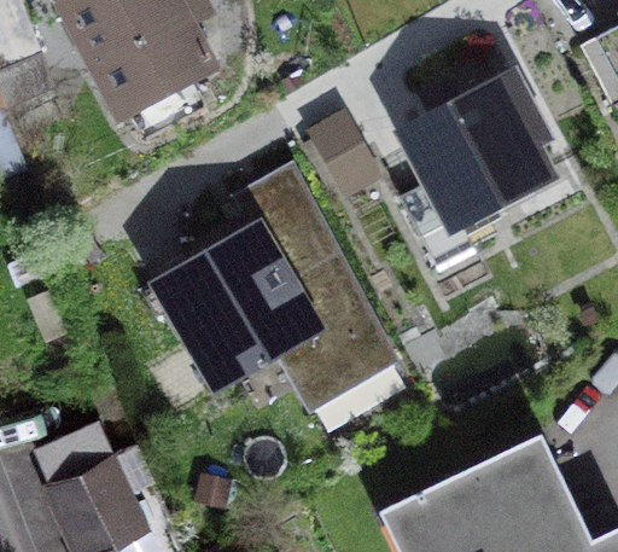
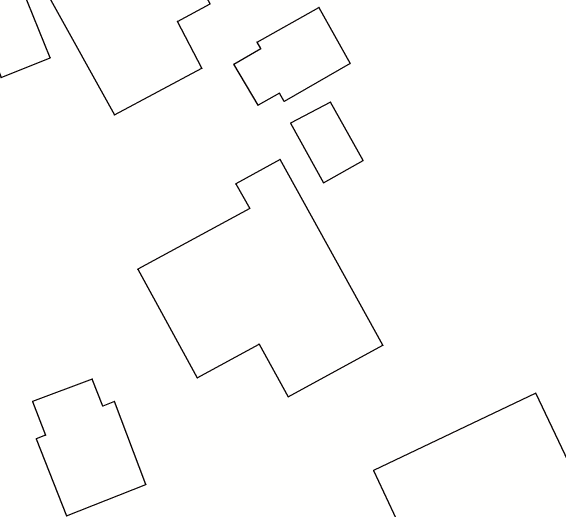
building: none -> [234,7,350,105]
building: [397,83,565,245] -> none

